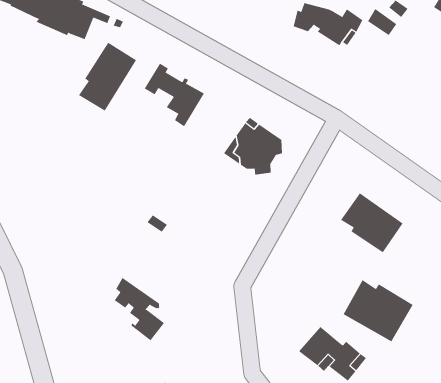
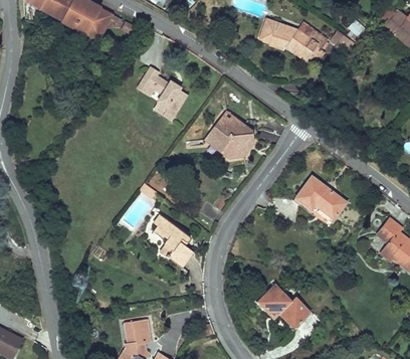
building: [78,42,137,111] -> none
building: [114,277,165,341] -> [152,213,192,266]
building: [343,279,413,342] -> none

